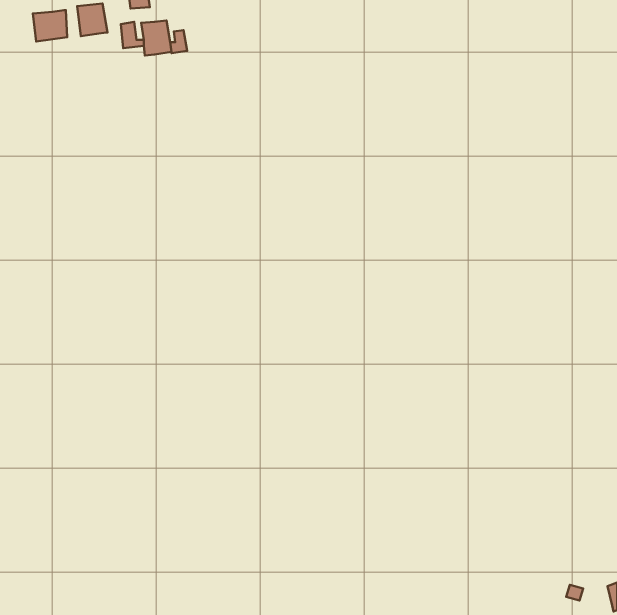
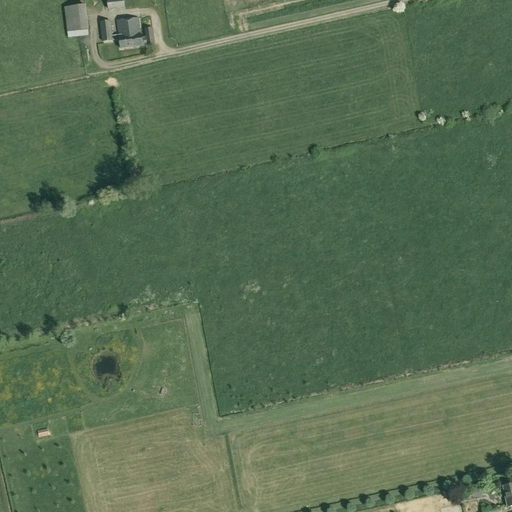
building: [33,10,67,41] -> none

